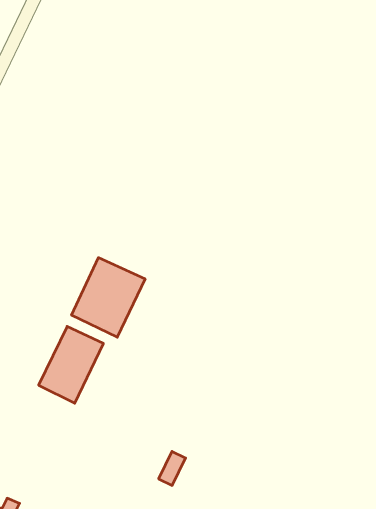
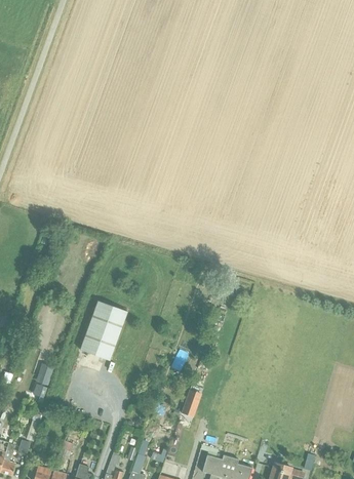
building: [72,258,145,337] -> none

